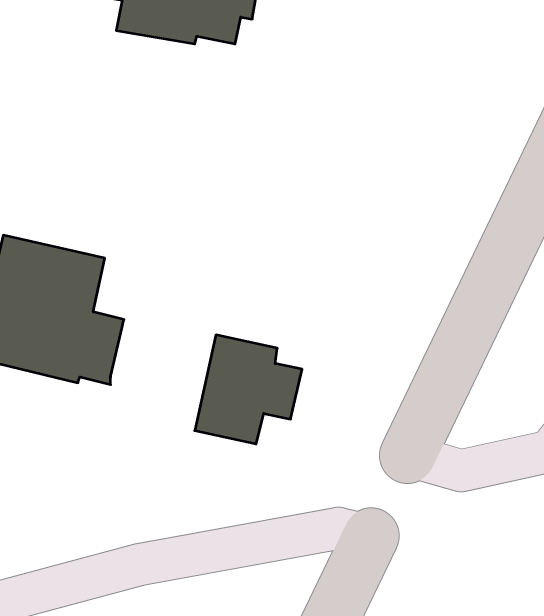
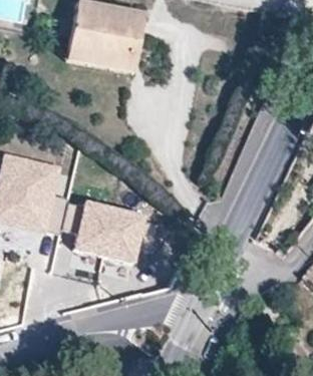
building: none -> [67,40,140,70]
building: none -> [66,200,121,257]

